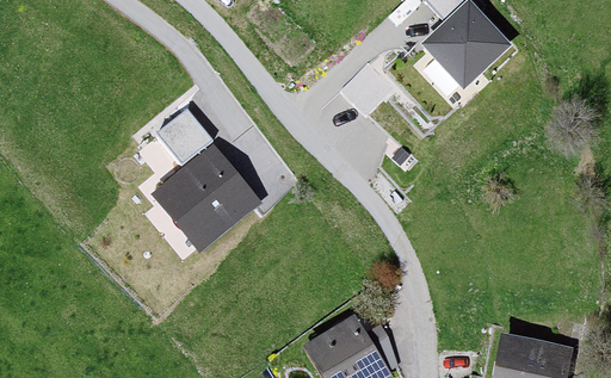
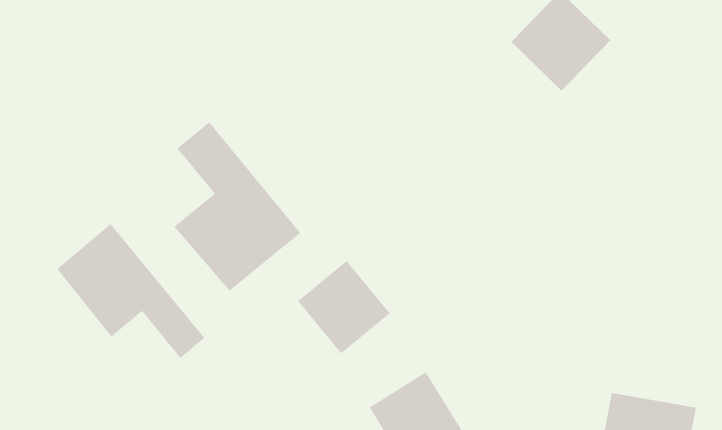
building: none -> [57,223,205,359]
building: none -> [297,260,391,354]

